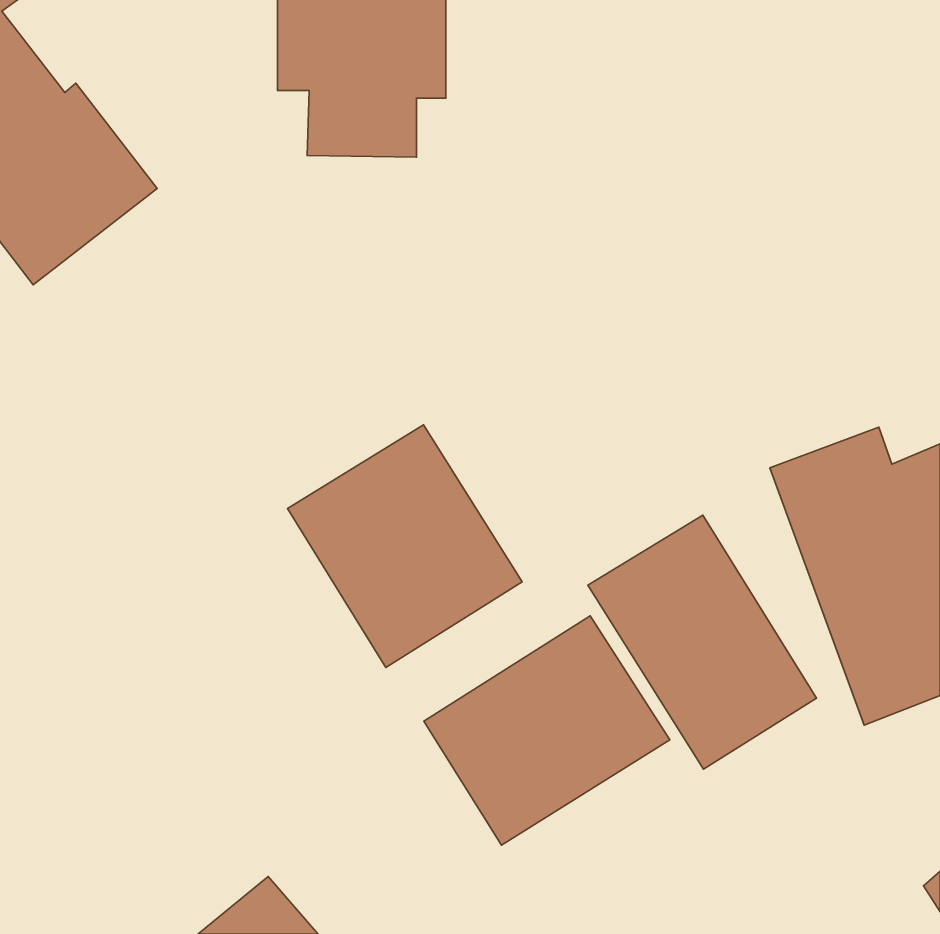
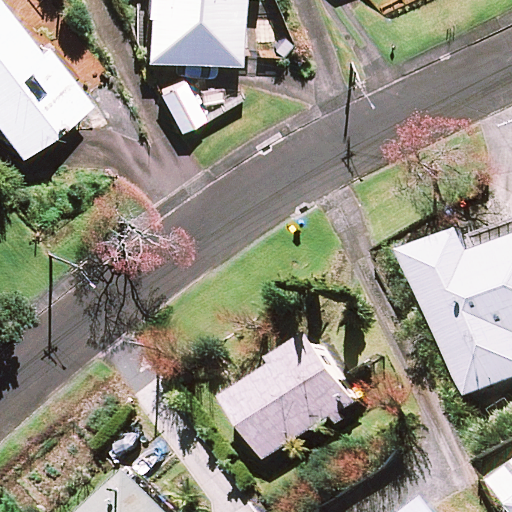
building: [288,425,522,667] -> none
building: [588,515,817,769] -> none

